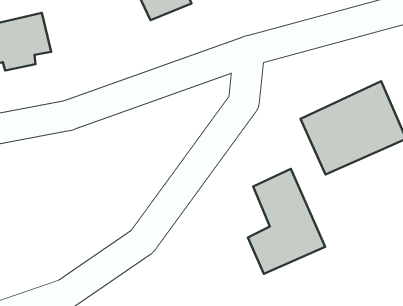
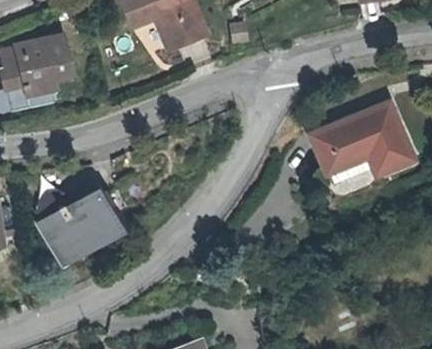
building: none -> [33,182,124,261]
building: [248,169,325,274] -> none

